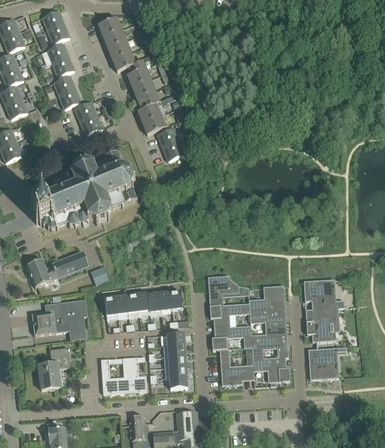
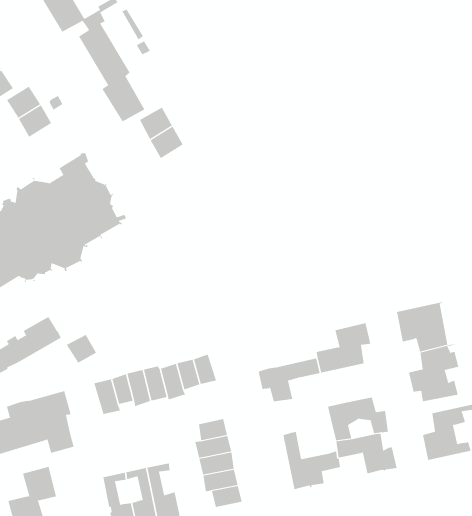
building: [208,274,239,304] -> none
building: [250,310,287,333] -> none
building: [212,324,252,349] -> none

